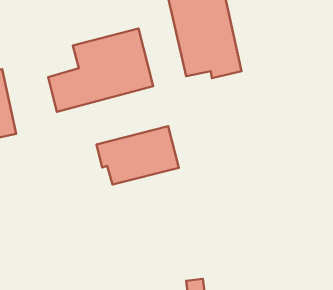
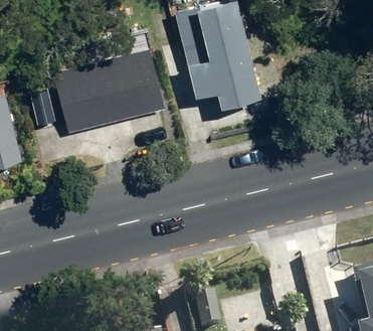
building: [97,126,179,185] -> none

